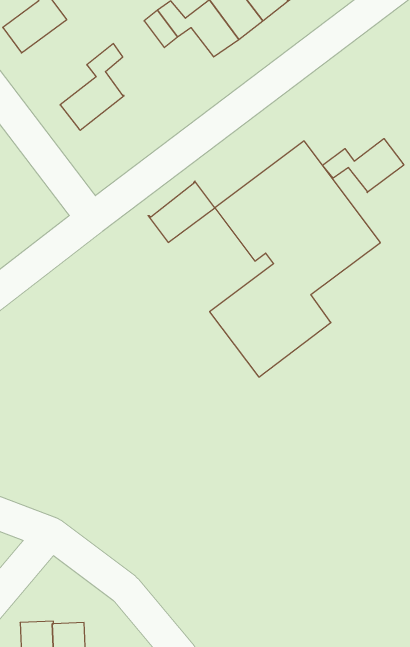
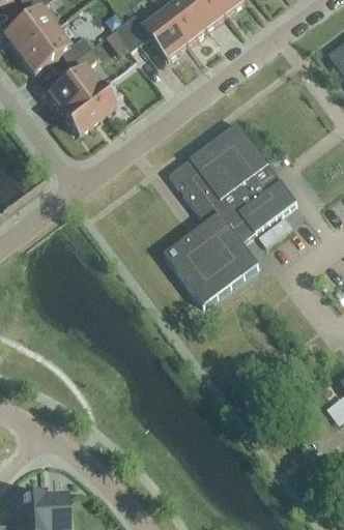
building: none -> [18,27,89,72]
building: [322,139,404,193] -> none
building: [148,181,215,242] -> [61,85,113,132]

